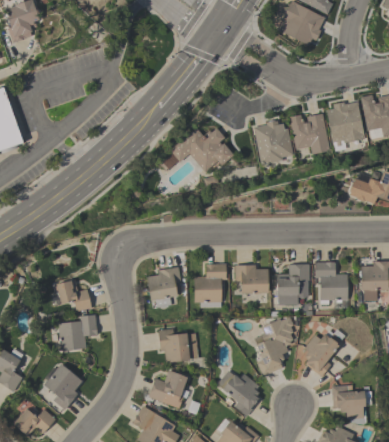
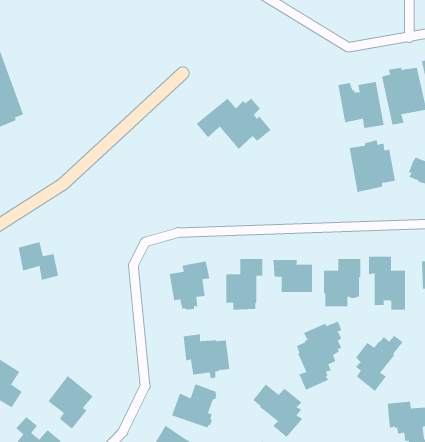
building: [253,120,293,165] -> [349,139,396,193]
building: [56,279,91,312] -> [18,242,59,281]
building: [57,314,97,350] -> none

